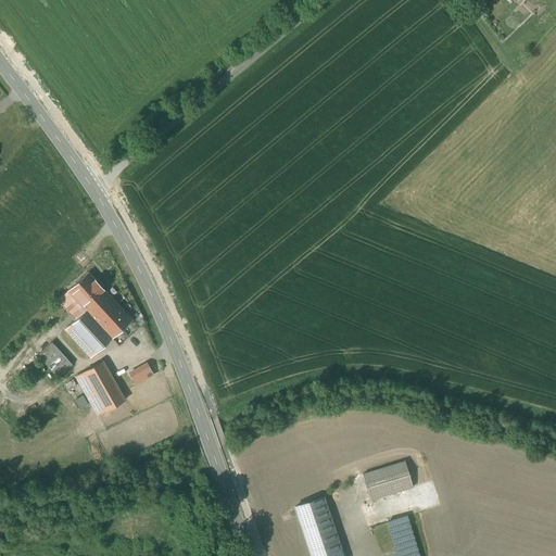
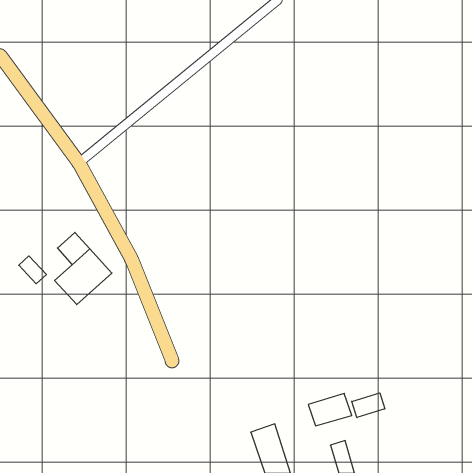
building: [39,343,72,376] -> [19,256,46,284]
building: [76,362,125,416] -> none
building: none -> [352,393,385,418]

